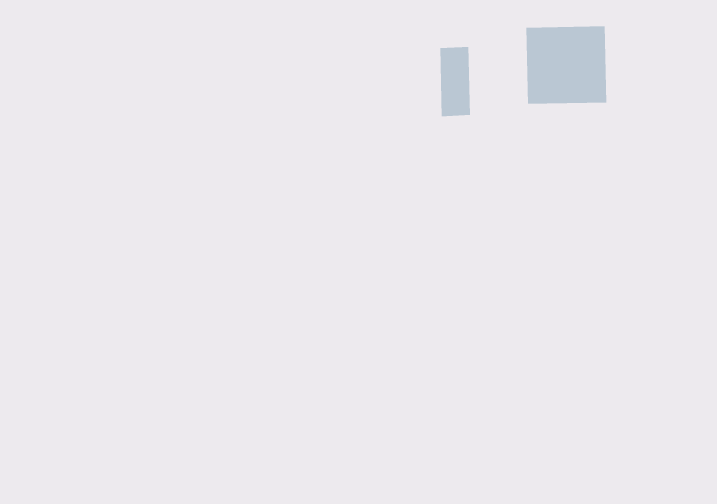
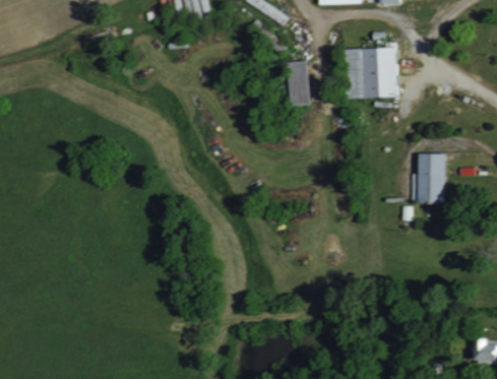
building: none -> [413,152,446,202]

